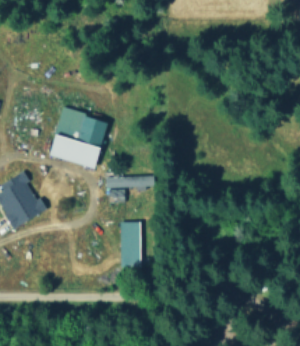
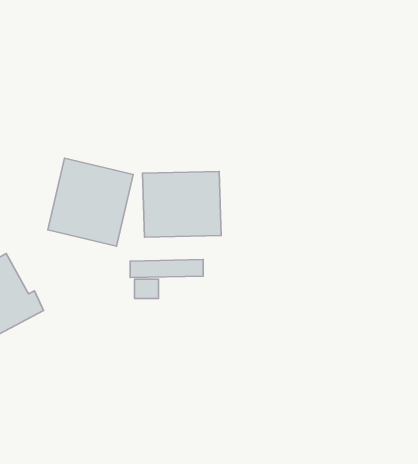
building: none -> [143,172,221,237]
building: [120,222,141,269] -> none

